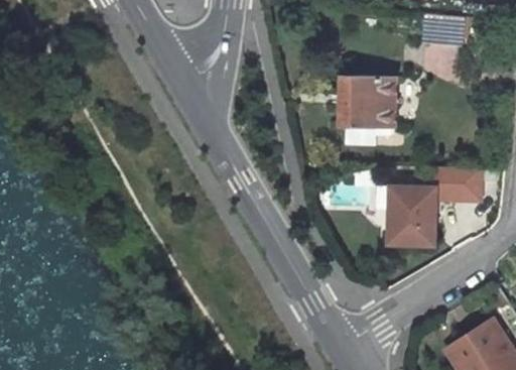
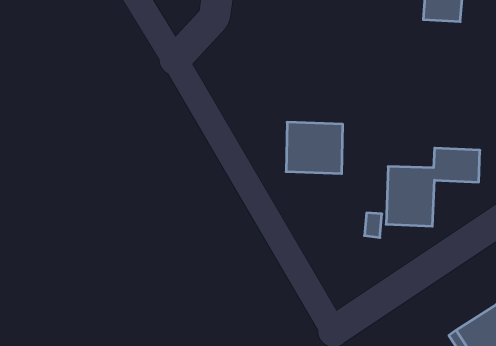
building: [340,77,395,127] -> [286,122,343,174]

